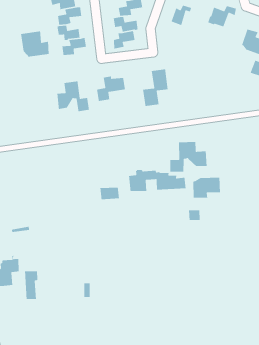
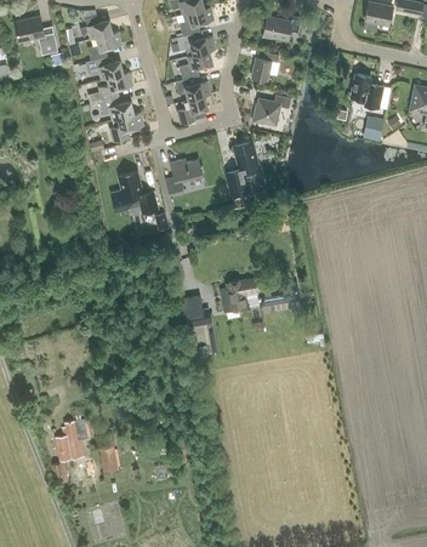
building: [207,5,237,28] -> [252,95,290,125]
building: [20,30,49,57] -> none
building: [169,141,208,172] -> none
building: [192,177,221,199] -> none

